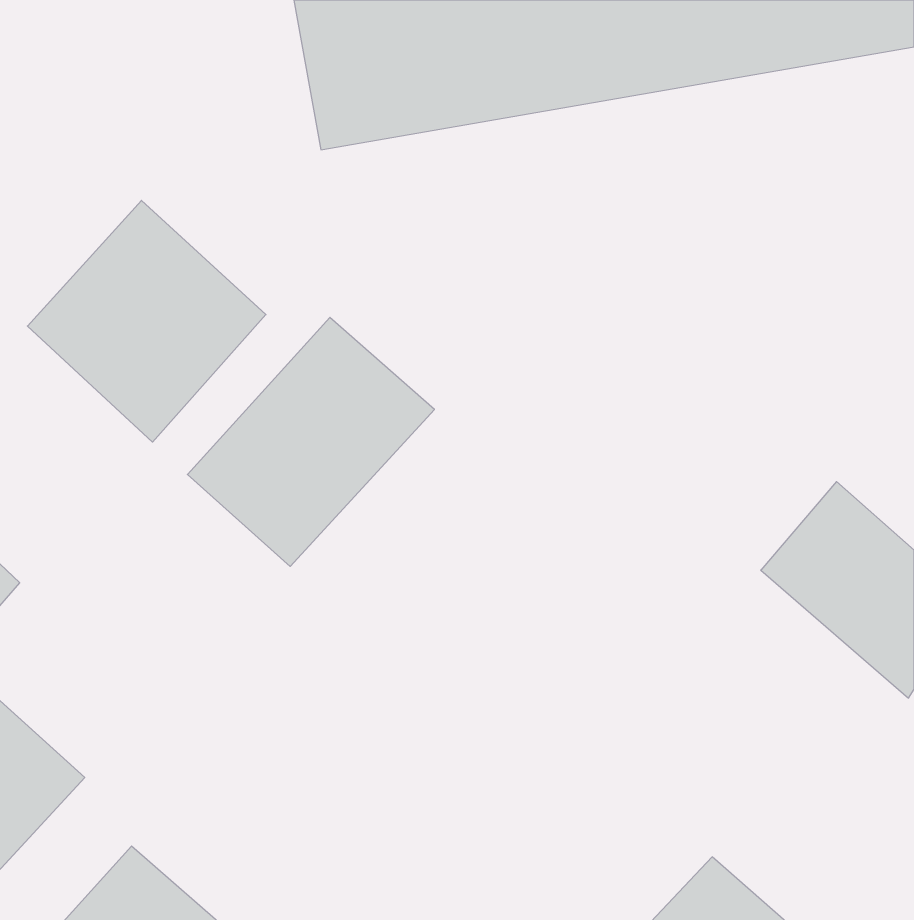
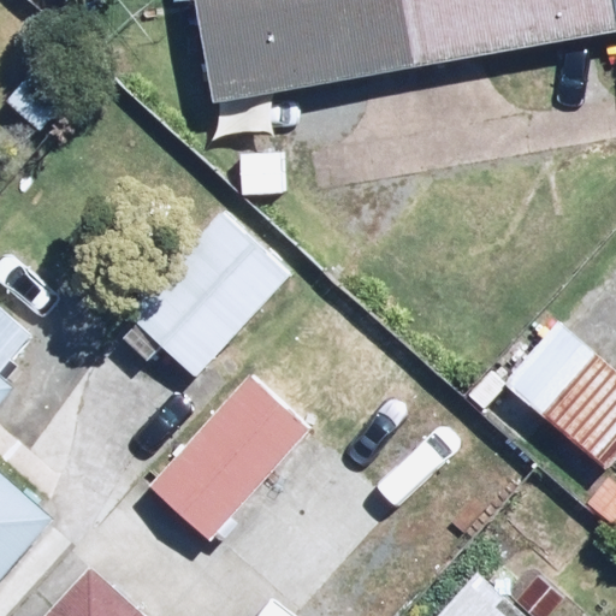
building: [27,200,266,442] -> none
building: none -> [149,373,309,539]

